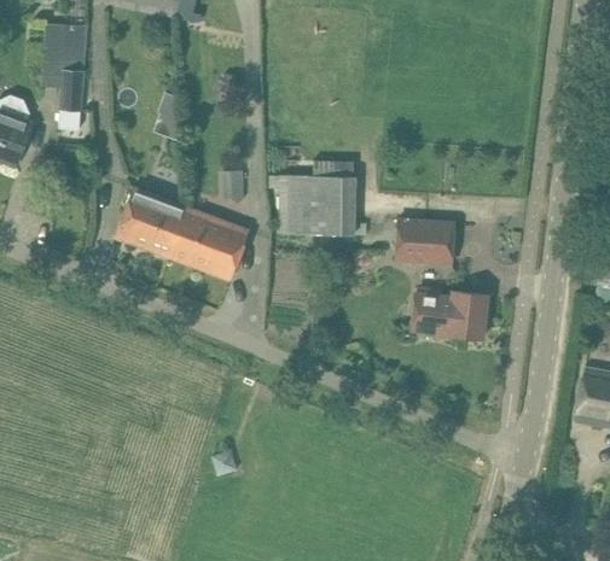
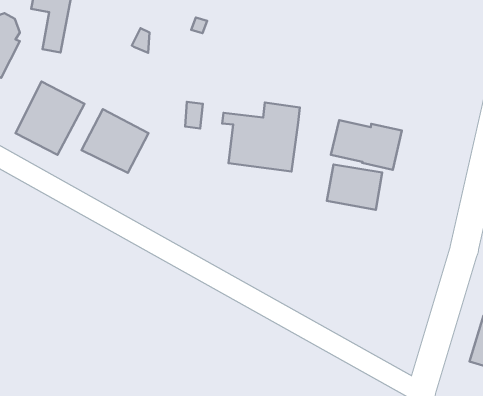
building: none -> [15,82,85,155]
building: [170,210,249,280] -> none
building: [412,292,488,340] -> [331,120,402,170]

